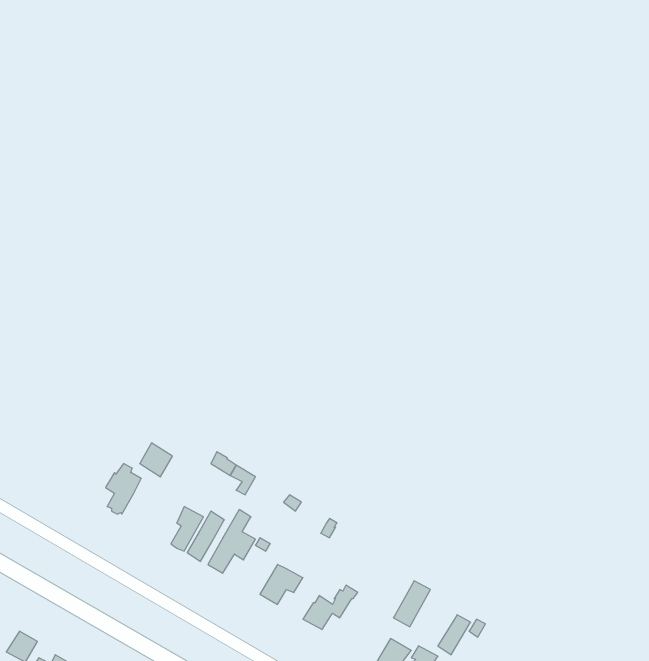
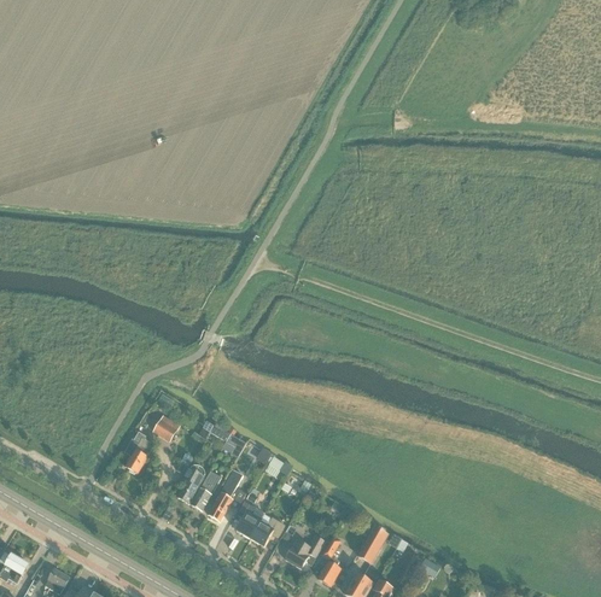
building: none -> [237,501,264,538]
building: none -> [317,535,342,586]

